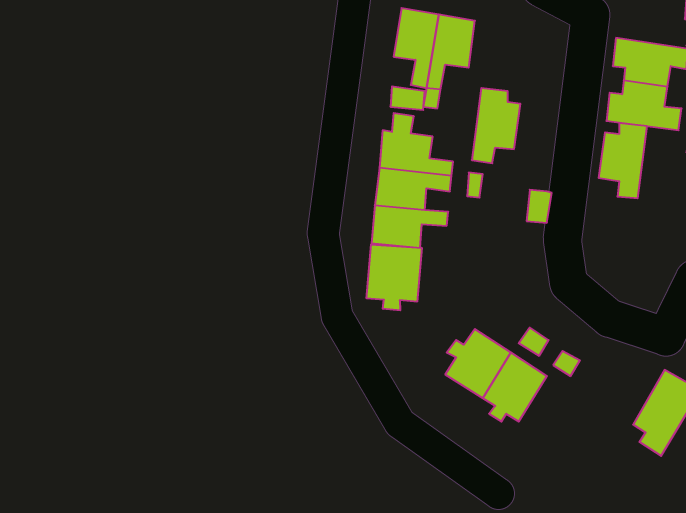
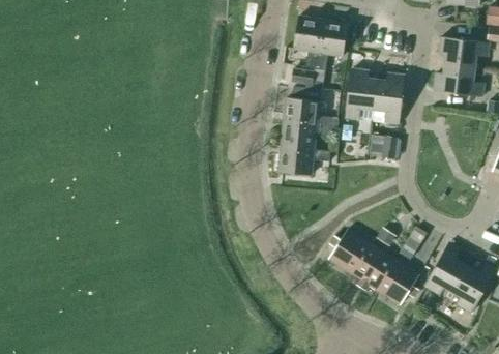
building: [599,123,647,198] -> [374,73,406,123]
building: [367,244,422,310] -> none
building: none -> [424,242,468,294]
building: none -> [377,260,420,304]

